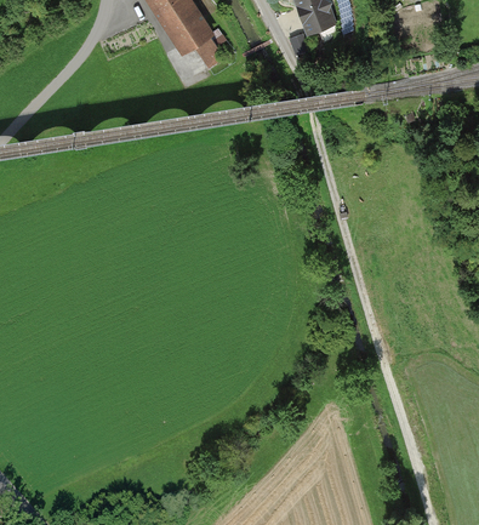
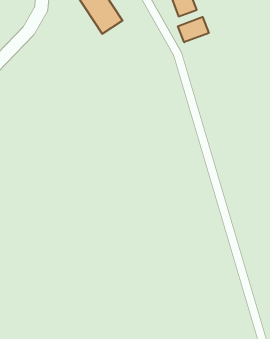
building: none -> [178,17,209,42]

